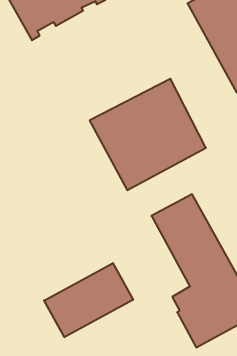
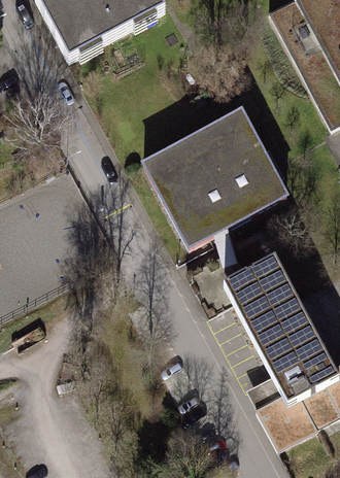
building: [44,263,133,337] -> none

